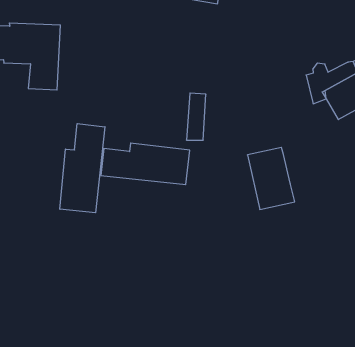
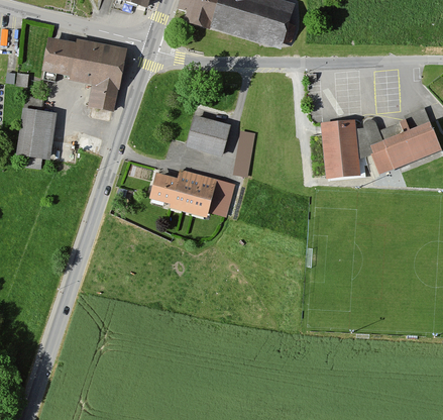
building: none -> [186,116,229,152]
building: [60,124,105,213] -> none
building: [247,147,295,209] -> [321,120,360,177]

